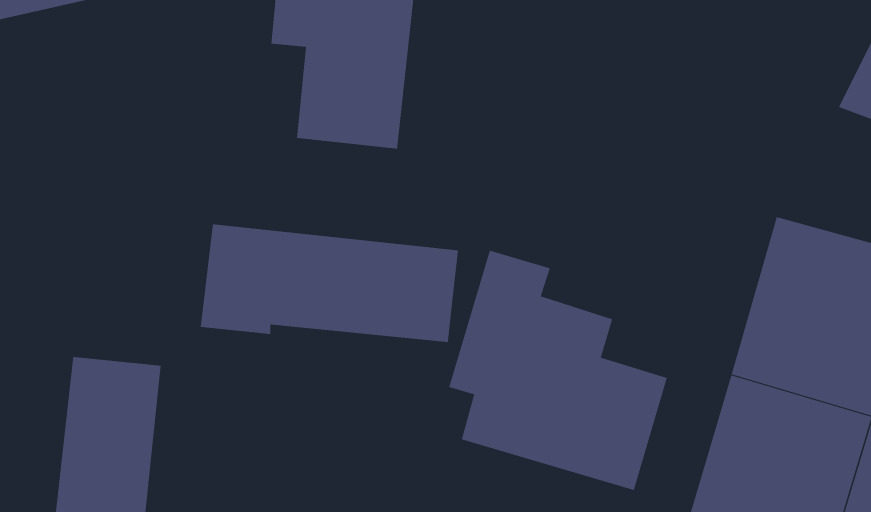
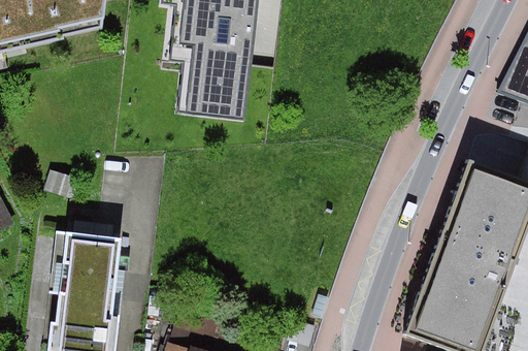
building: [200,223,458,343] -> none
building: [448,250,668,491] -> none

